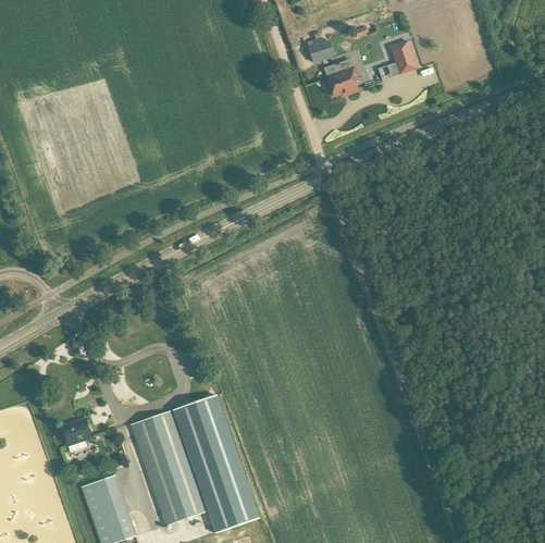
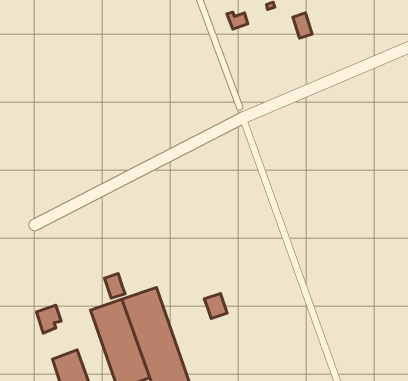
building: [327,65,358,95] -> none
building: none -> [104,274,125,298]
building: none -> [204,293,227,318]

